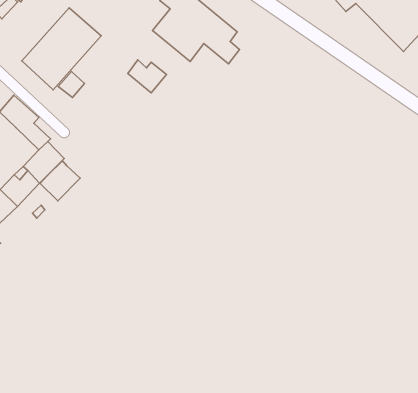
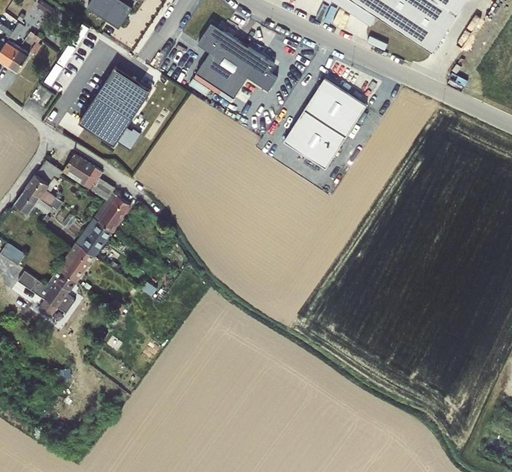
building: none -> [281,76,367,169]
building: [128,60,166,93] -> none
building: [40,161,80,201] -> none

